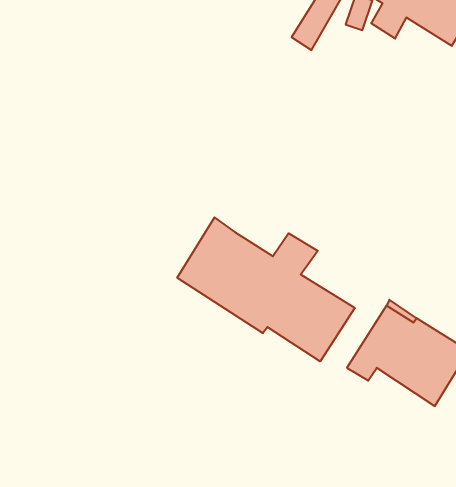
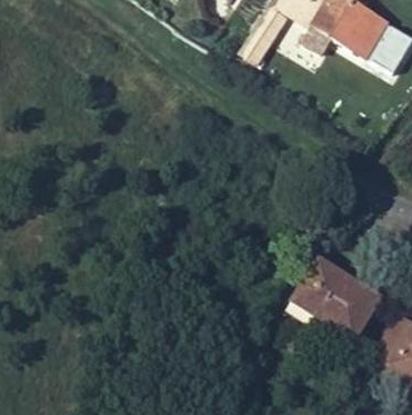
building: [177,217,355,361] -> none

